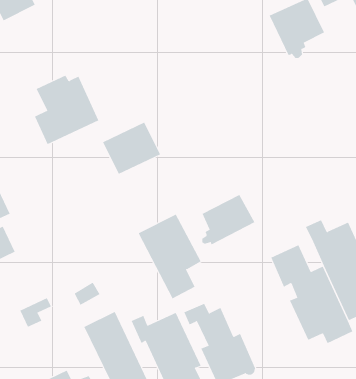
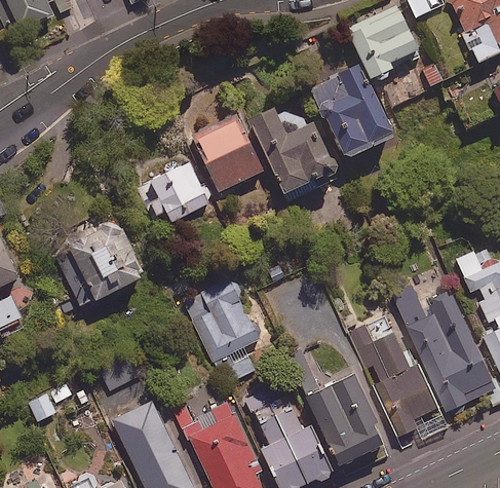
building: none -> [311,64,394,158]
building: [34,75,99,145] -> [63,219,145,307]
building: none -> [251,107,337,193]
building: none -> [197,120,263,190]
building: [202,194,255,245] -> none
building: none -> [303,369,382,464]

